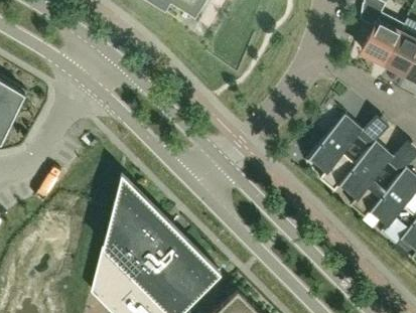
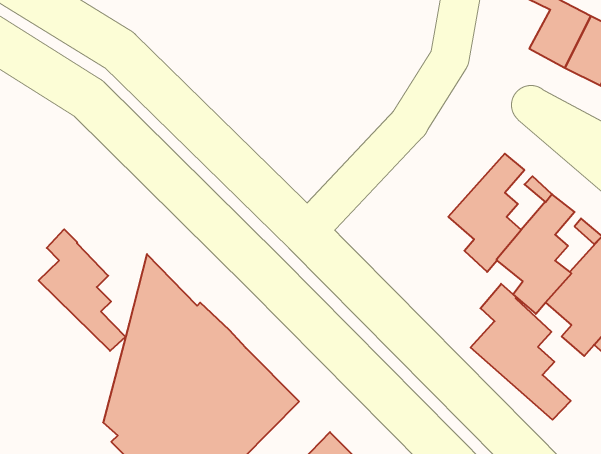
building: none -> [39,229,126,351]
building: none -> [471,284,571,420]

